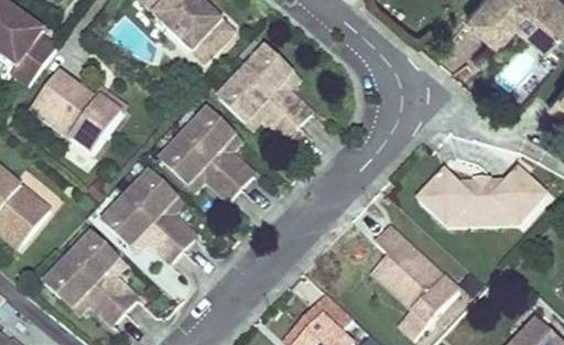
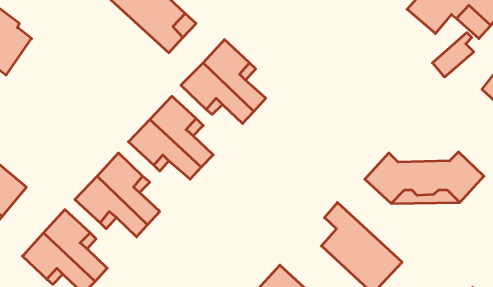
building: [29,69,121,153] -> none

